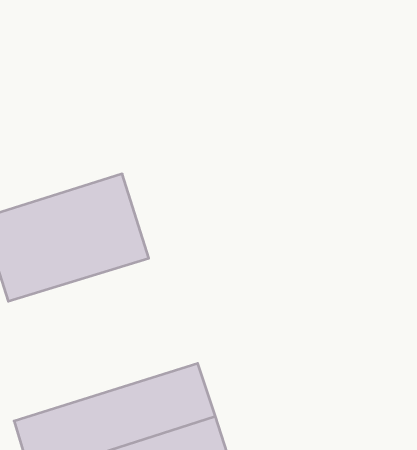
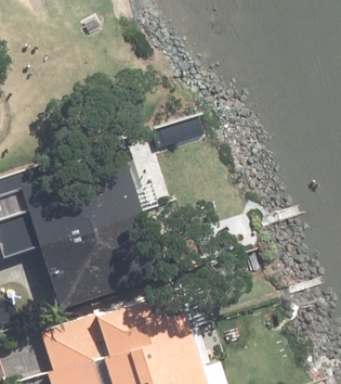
building: none -> [37,216,159,310]

